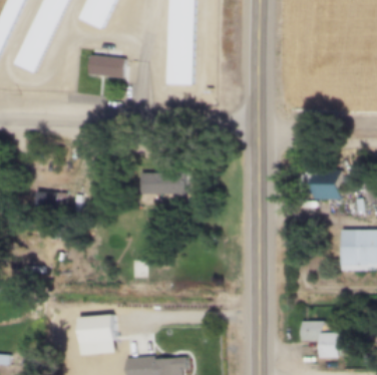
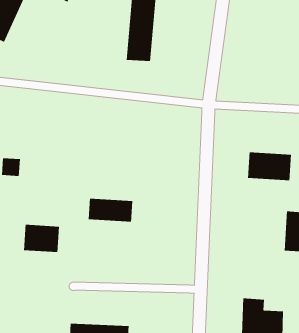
building: [88,56,124,75] -> none
building: [138,172,183,195] -> [88,198,133,222]
building: [87,324,123,351] -> [23,224,60,253]

